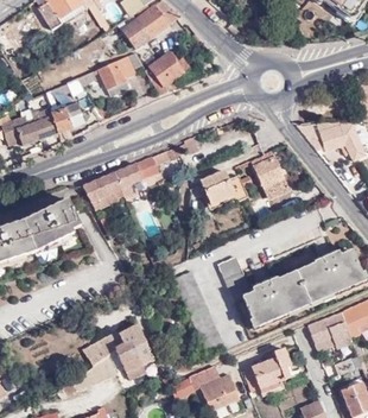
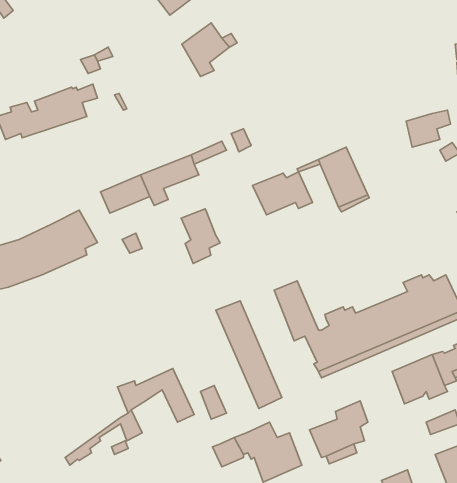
building: [97,53,145,97] -> none
building: none -> [181,209,220,264]
building: [116,338,146,379] -> none

